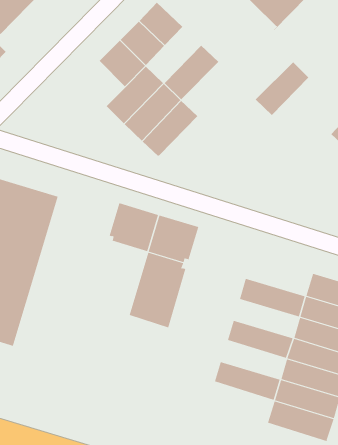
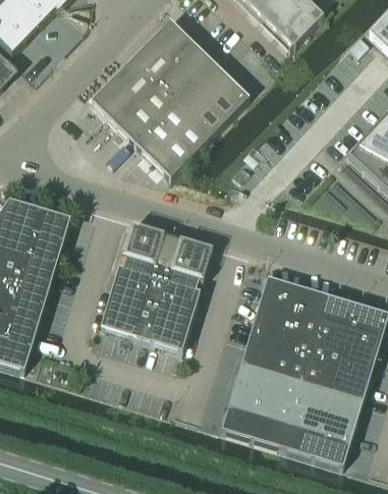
building: none -> [159,45,215,102]
building: none -> [92,79,137,125]
building: [255,61,309,116] -> [195,80,250,135]
building: none -> [101,262,161,337]
building: none -> [260,276,328,318]
building: none -> [247,321,315,361]
building: none -> [234,363,301,402]
building: none -> [221,404,289,446]

